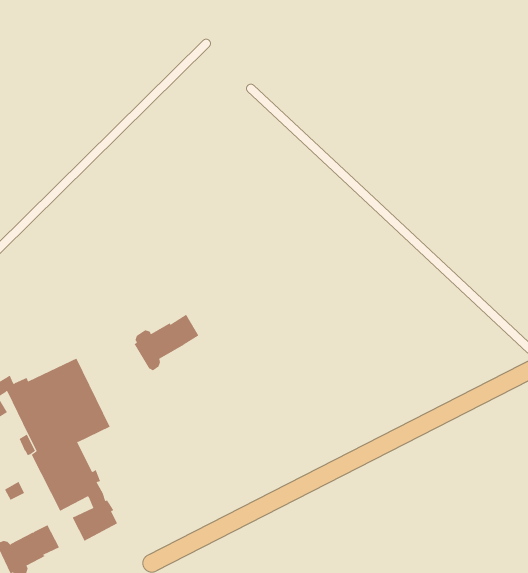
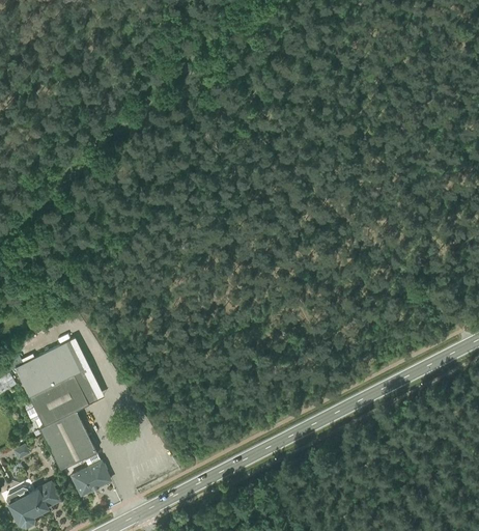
building: [134,314,199,371] -> none

